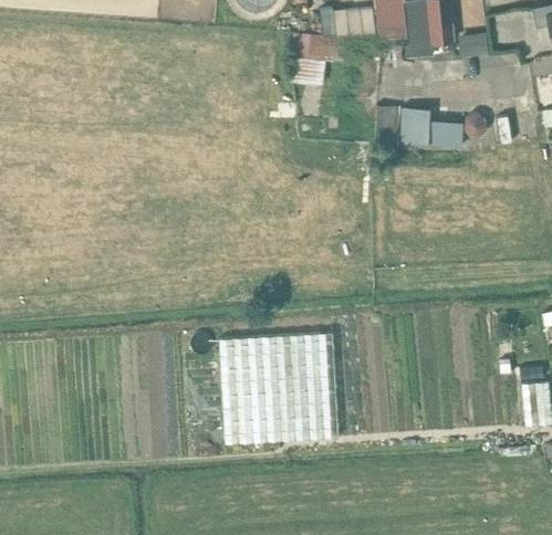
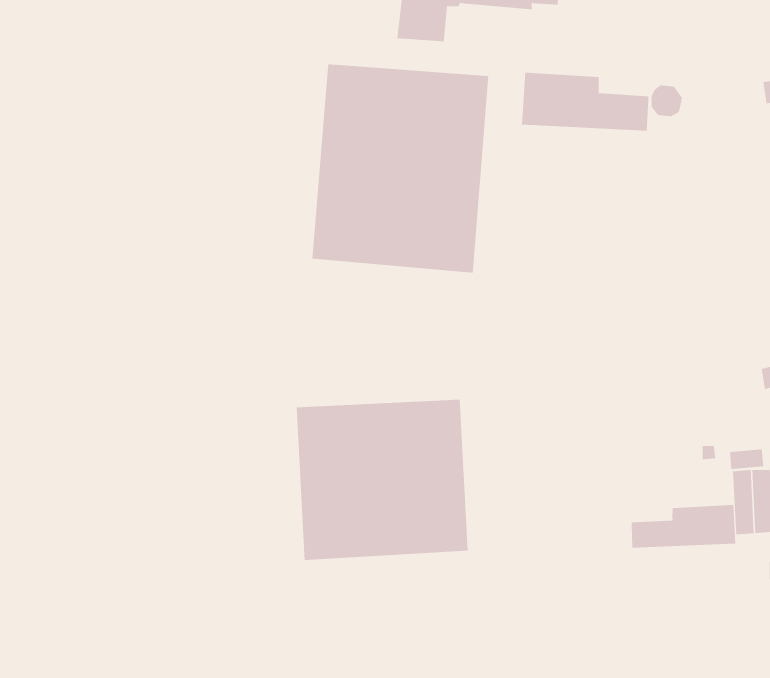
building: none -> [312,63,489,273]
building: none -> [631,504,736,548]

